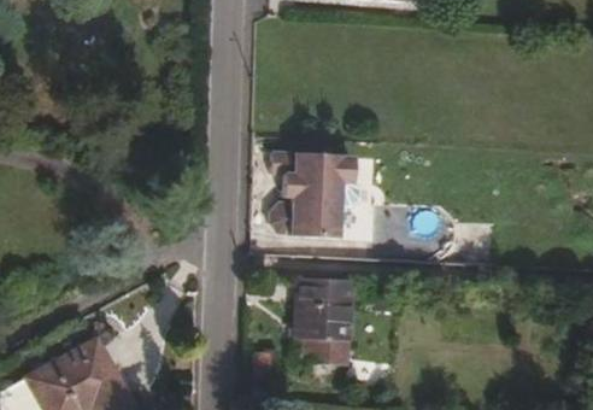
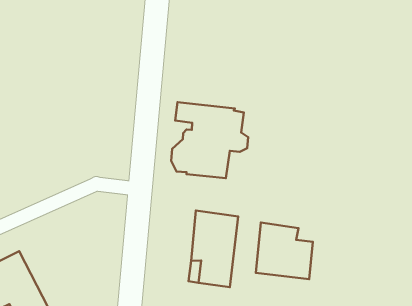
building: none -> [256,222,313,279]

